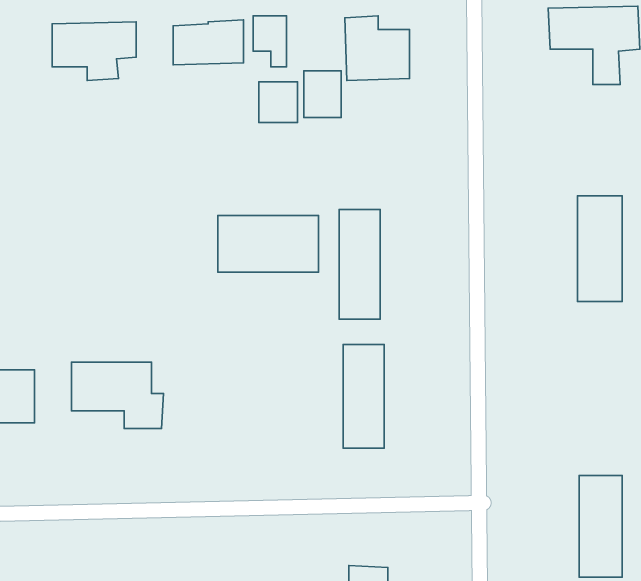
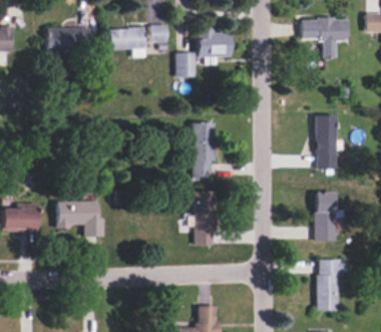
building: [259,82,298,122] -> none
building: [218,215,319,272] -> none
building: none -> [316,193,336,241]

